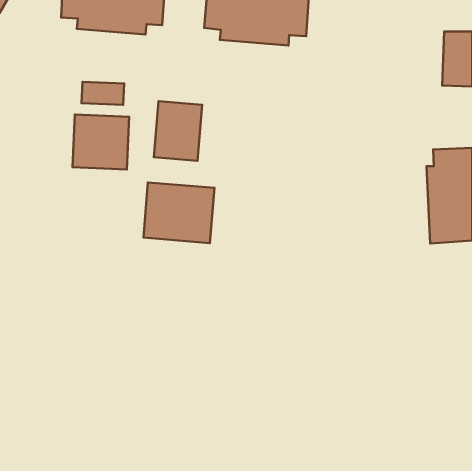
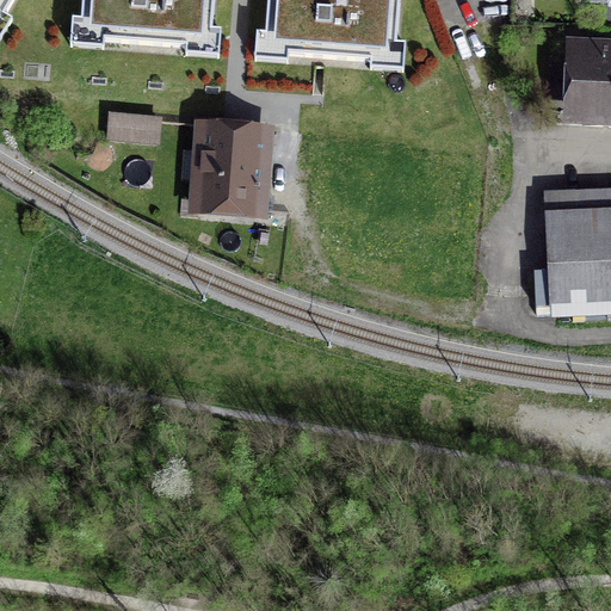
building: [73,114,129,170] -> none
building: [143,182,214,243] -> none

